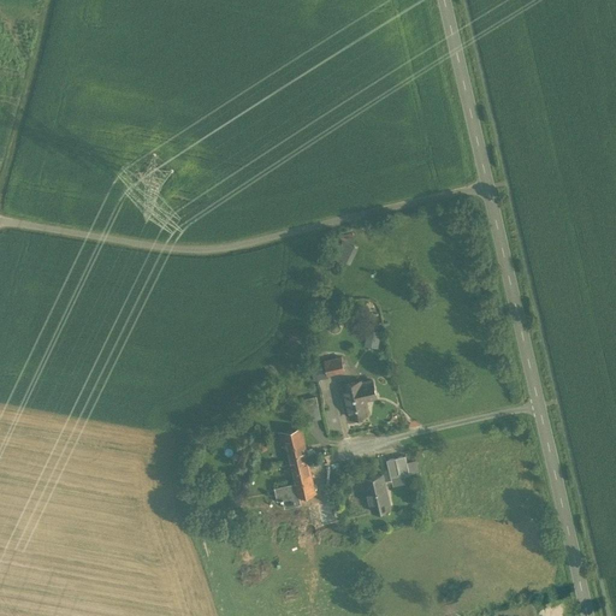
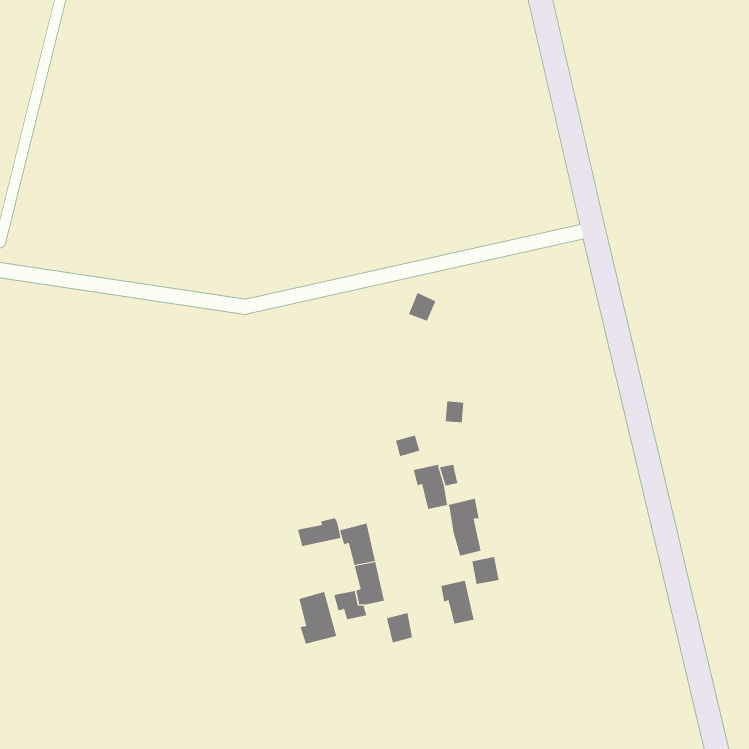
building: none -> [448,498,481,556]
building: none -> [298,518,341,547]
building: none -> [299,591,337,645]

